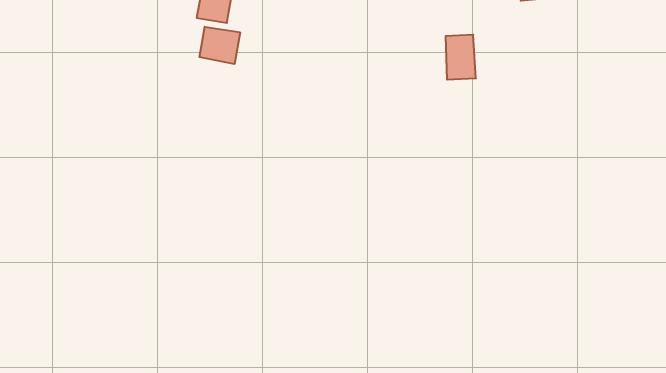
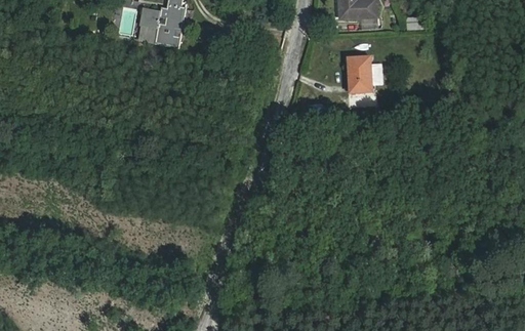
building: [199,27,240,64] -> none

